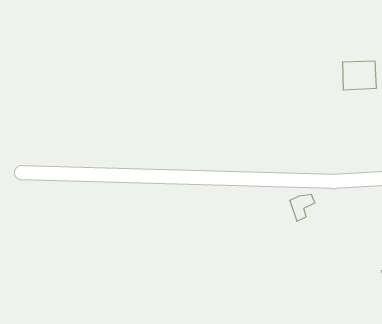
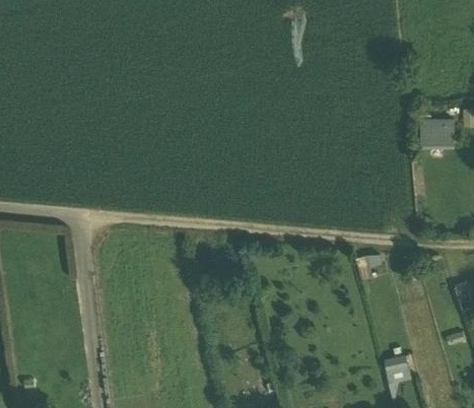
building: none -> [383,355,412,386]

